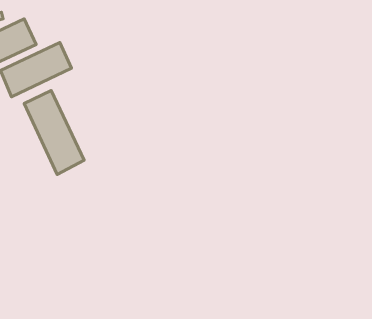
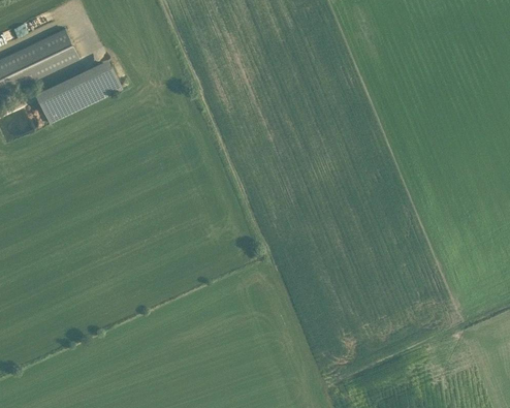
building: [24,90,84,175] -> none

